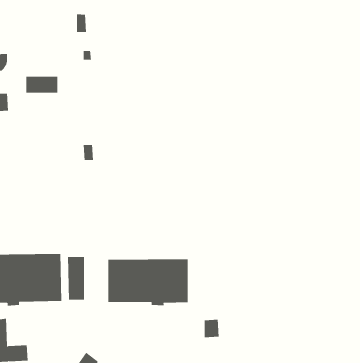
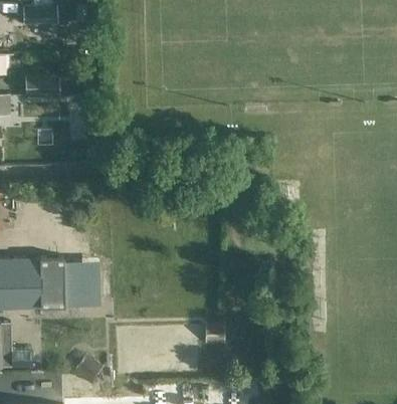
building: none -> [25,8,58,25]
building: [108,258,188,306] -> none

